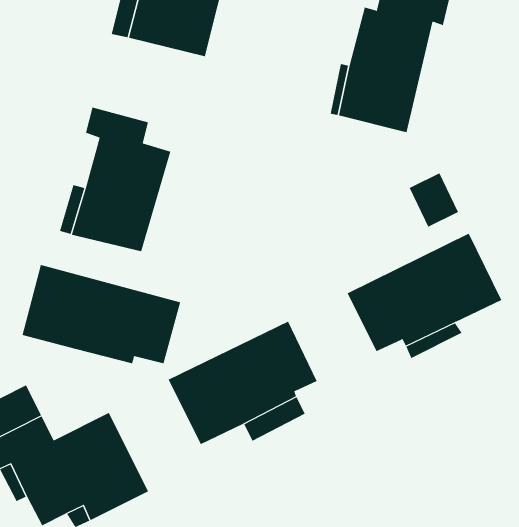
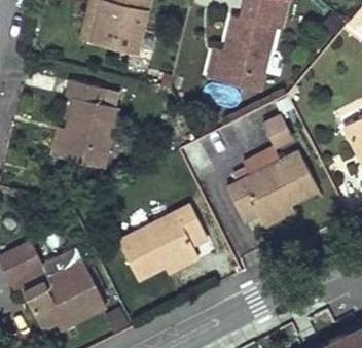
building: [22,264,181,364] -> none

